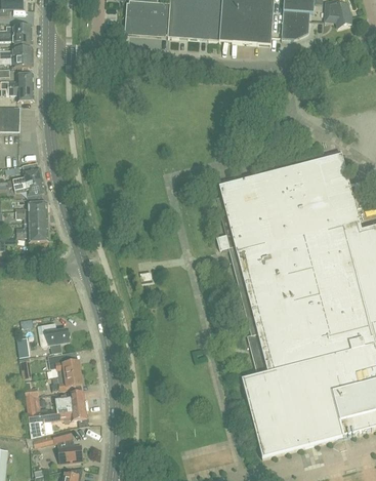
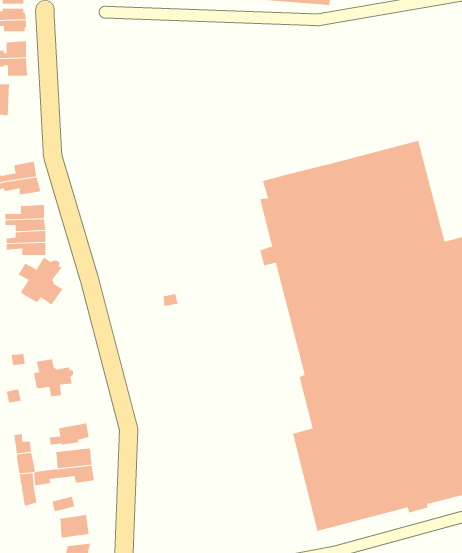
building: none -> [18,257,63,306]
building: [48,352,81,375] -> none

